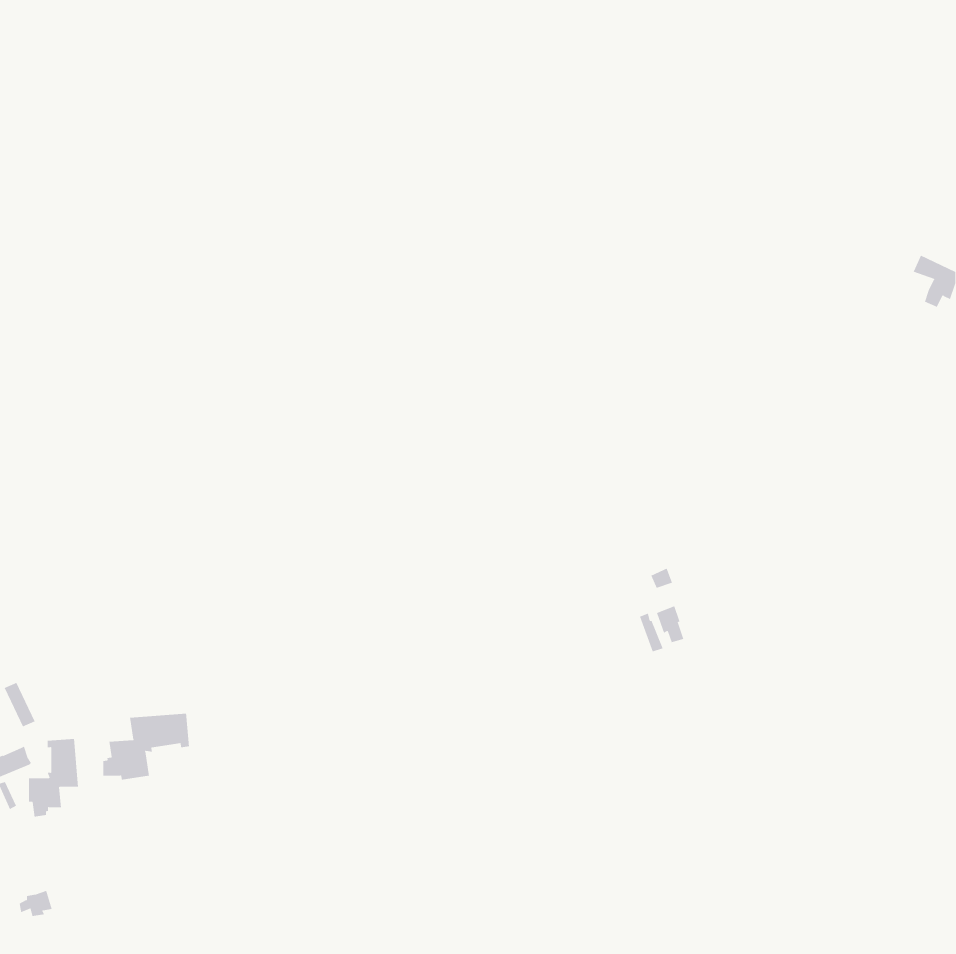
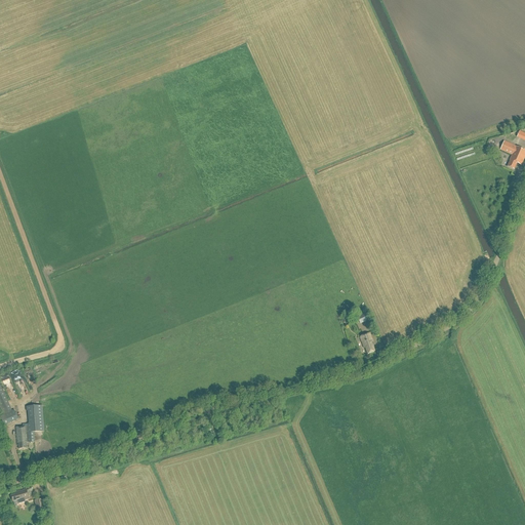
building: [103,713,189,781] -> none

